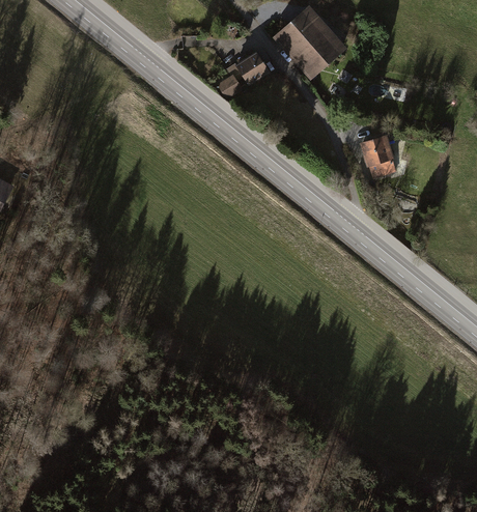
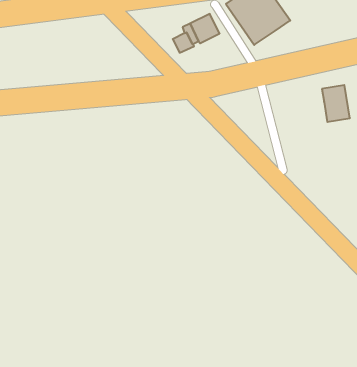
building: [361,136,396,179] -> [322,85,350,122]

